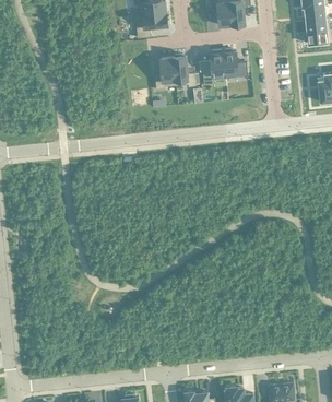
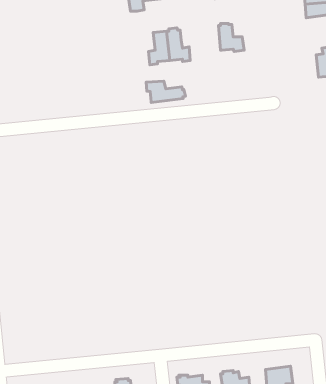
building: [202,51,226,85] -> none
building: none -> [146,81,186,102]

